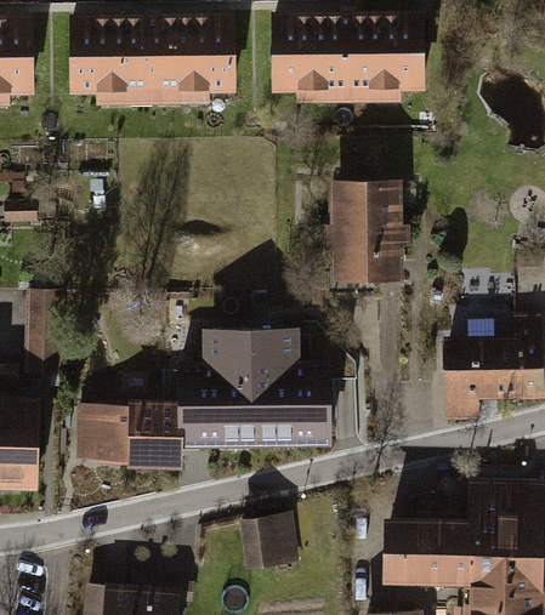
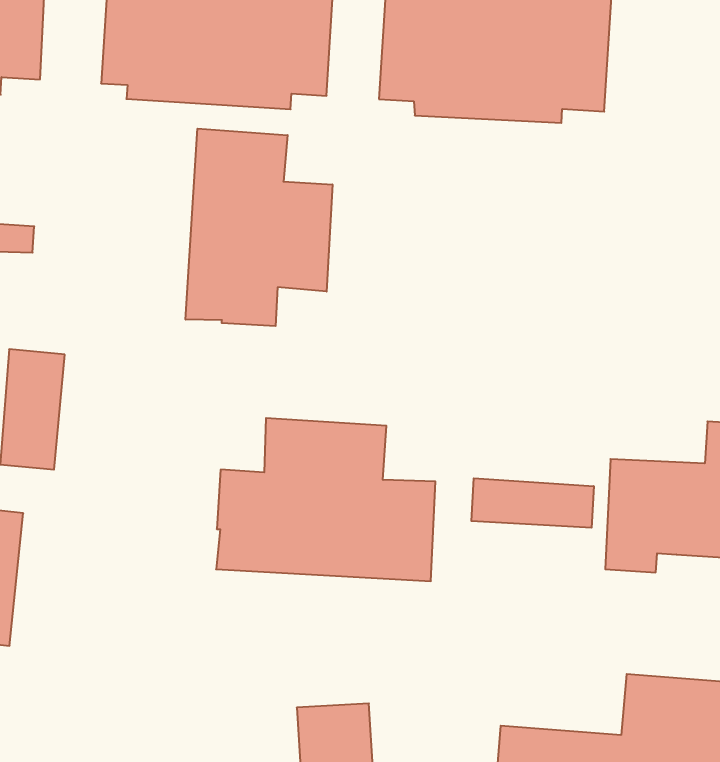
building: none -> [186,129,332,326]
building: [333,182,404,272] -> none
building: none -> [471,478,594,528]
building: [75,402,178,459] -> none

